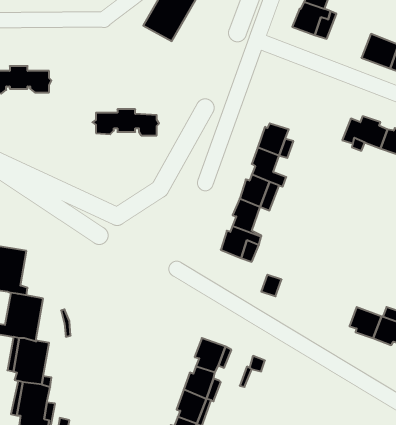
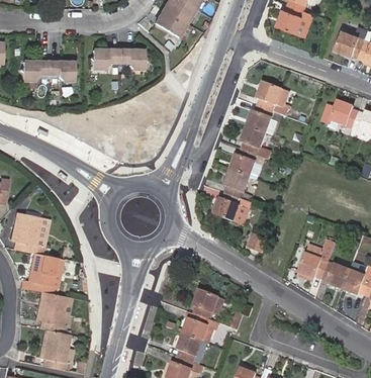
building: none -> [258,82,288,113]
building: [92,109,159,135] -> [85,48,142,70]
building: none -> [301,242,339,279]

